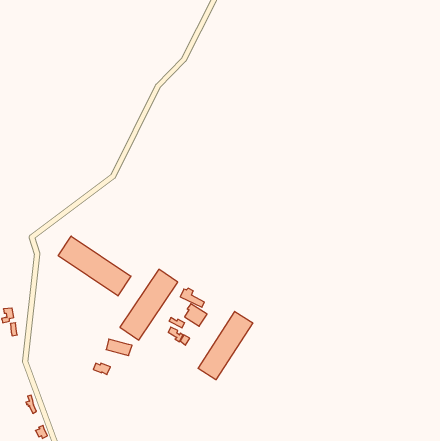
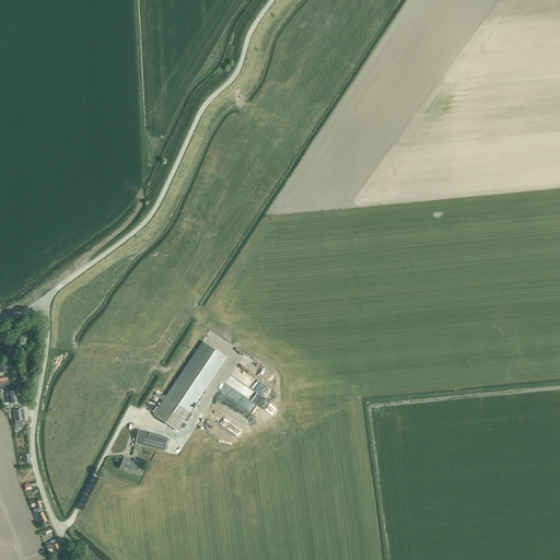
building: [58,236,131,296] -> none
building: [198,311,253,380] -> none

